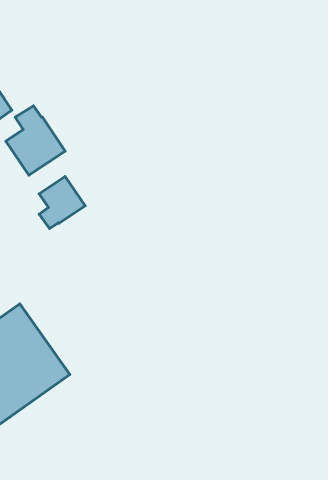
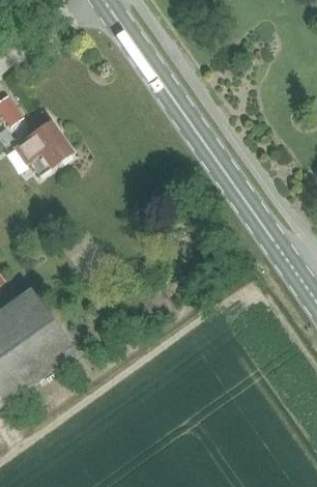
building: [39,176,85,228] -> none

